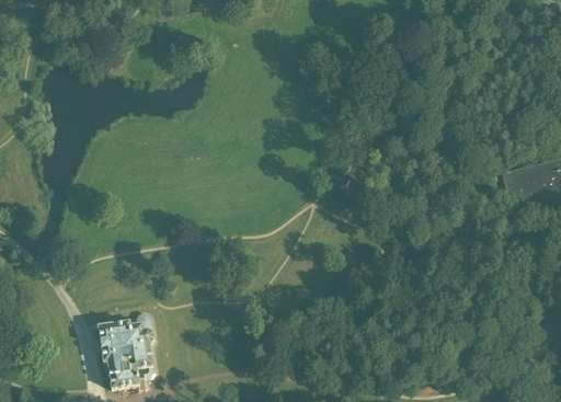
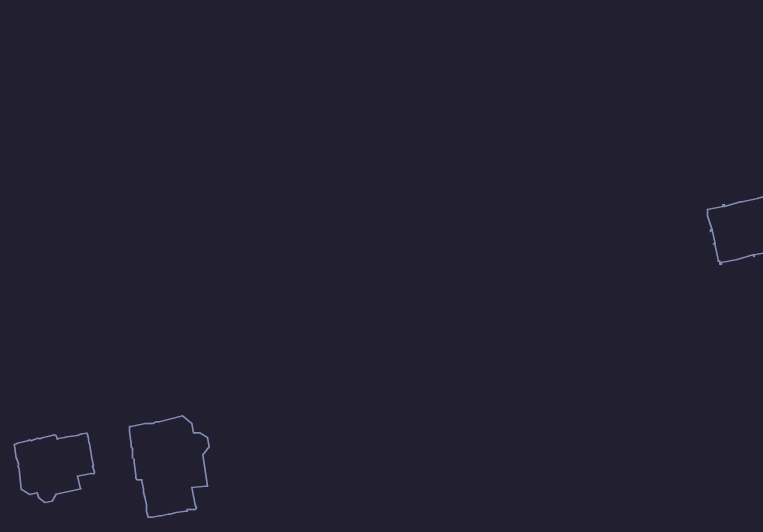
building: none -> [14,433,95,503]

